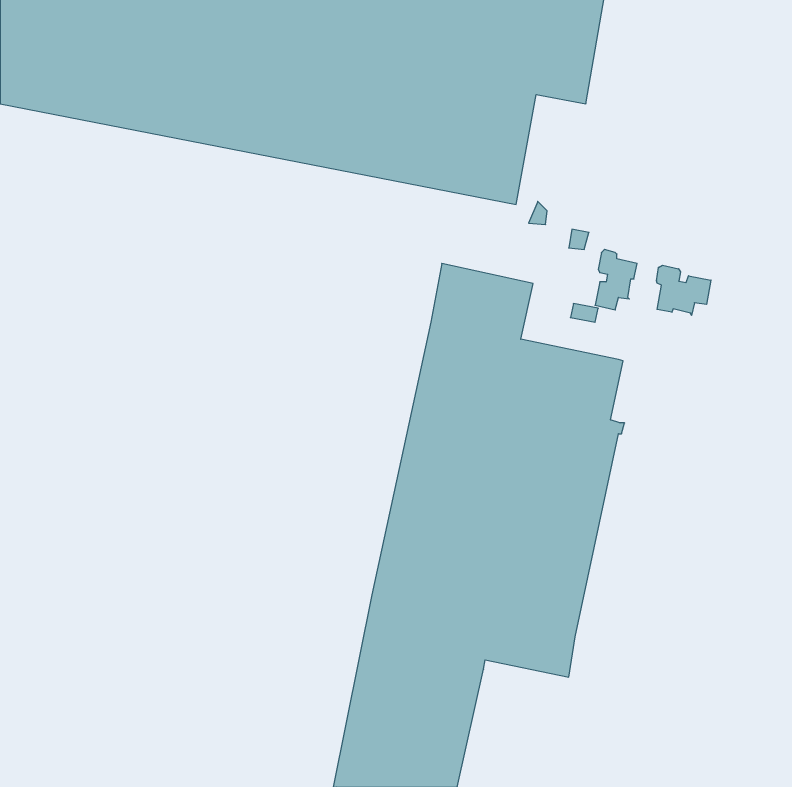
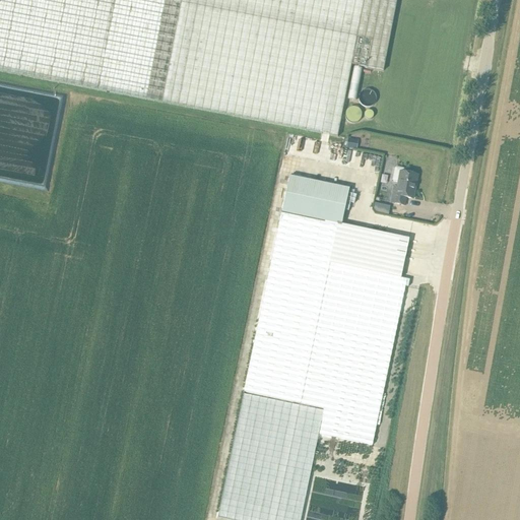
building: [657,265,711,315] -> none

